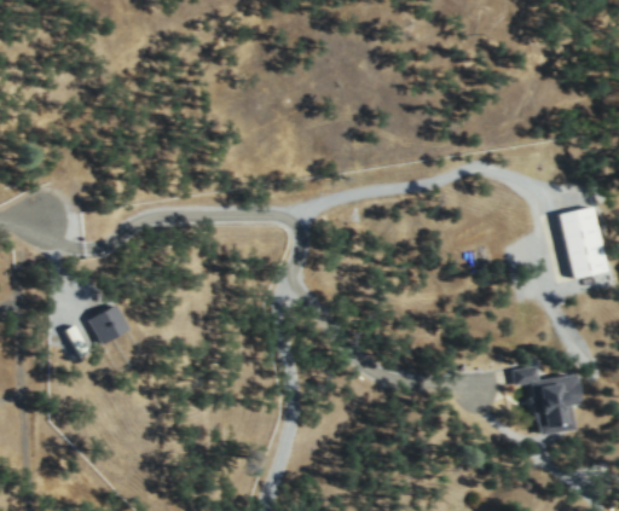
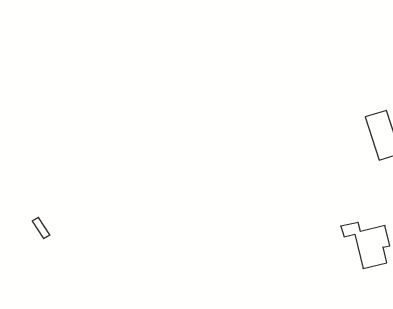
building: [89,304,131,344] -> none

